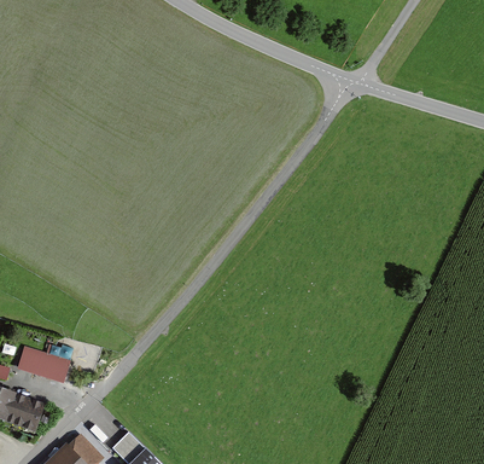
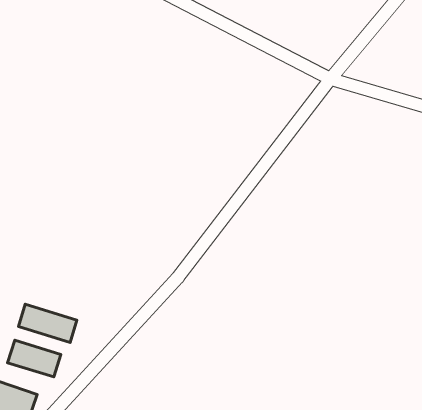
building: none -> [19,304,77,342]

